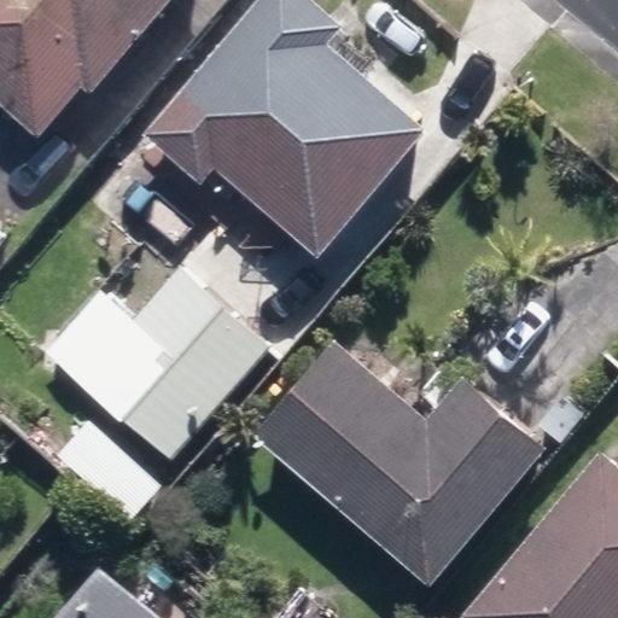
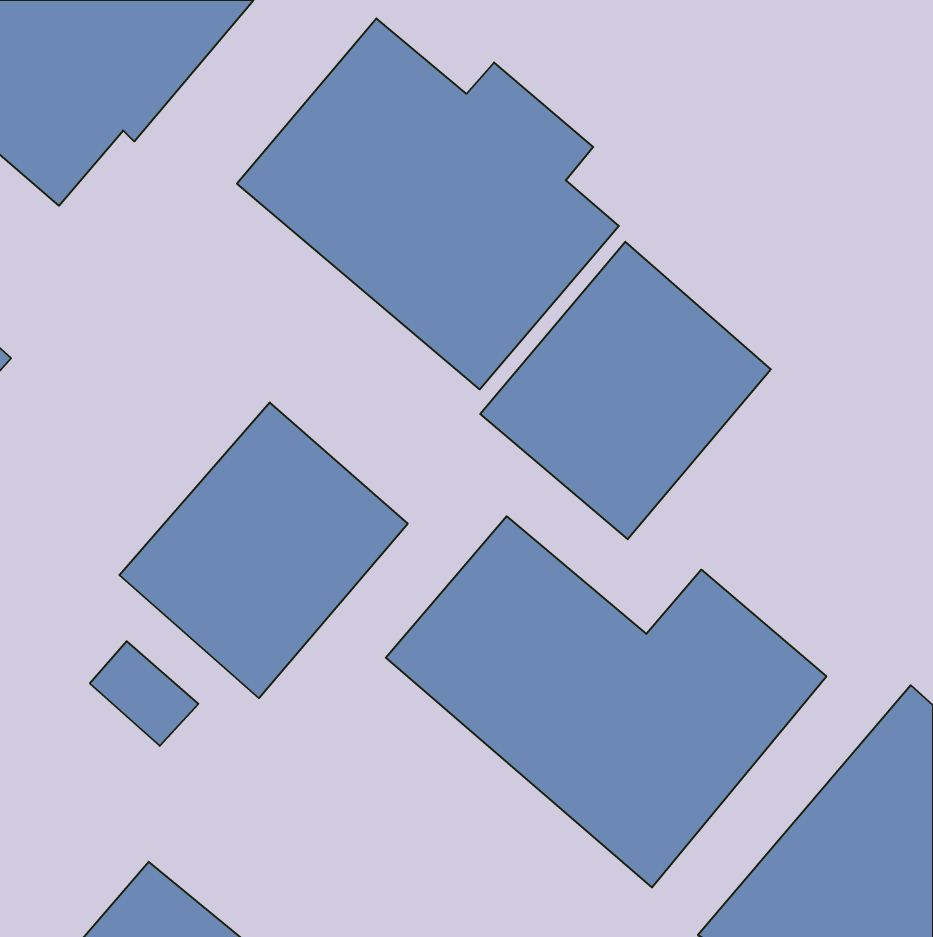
building: none -> [480,242,771,539]

